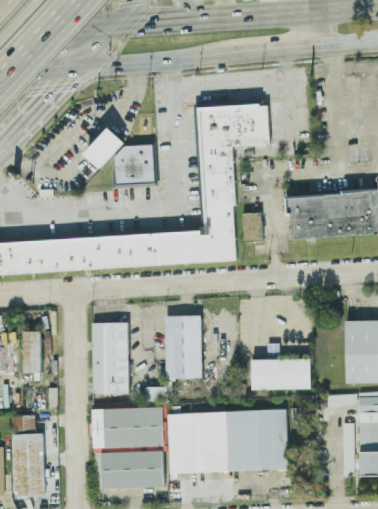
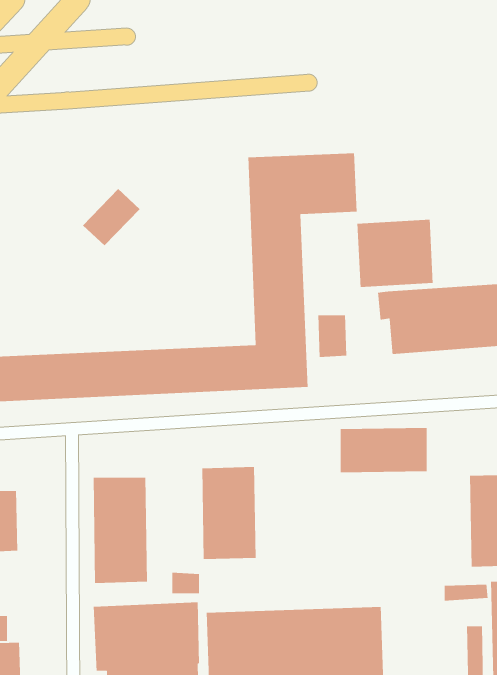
building: [111,143,157,189] -> none
building: none -> [356,219,434,288]
building: [252,358,311,389] -> [340,427,428,473]

